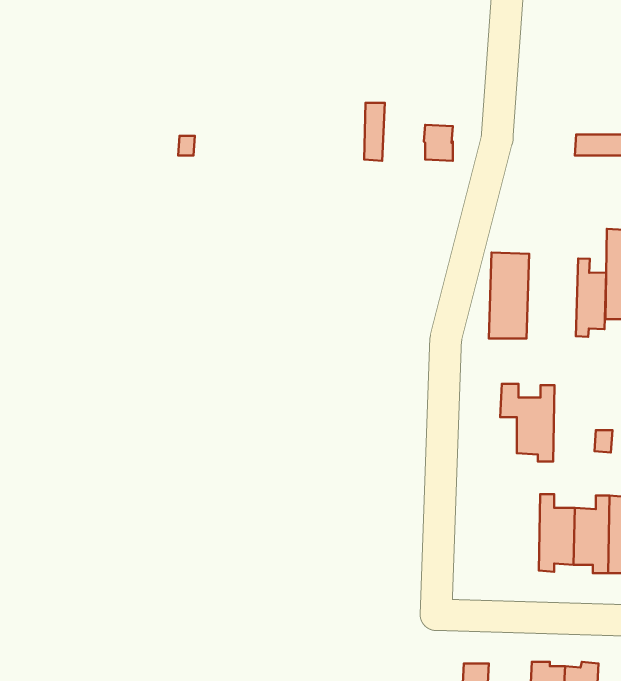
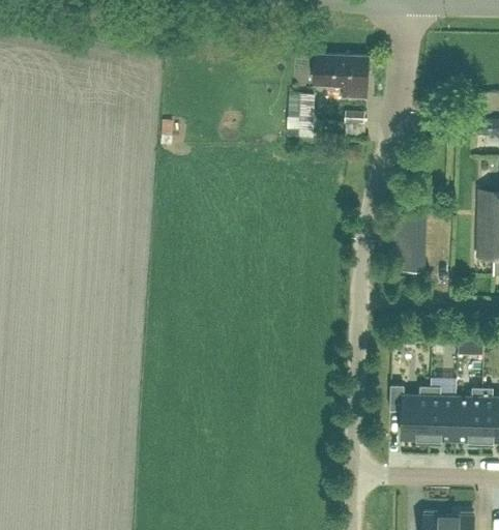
building: none -> [313,54,368,98]
building: [576,258,606,337] -> none
building: [500,384,554,461] -> [389,386,430,444]

